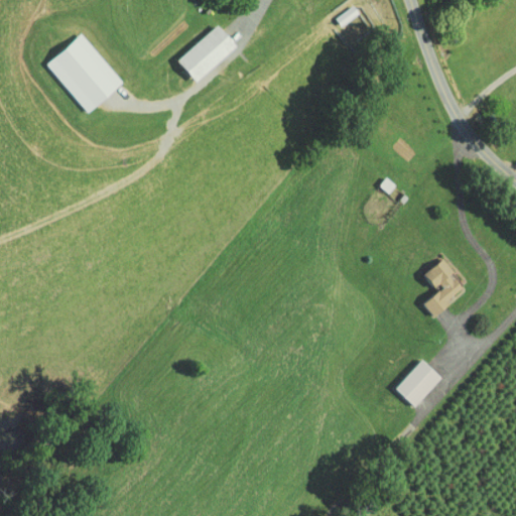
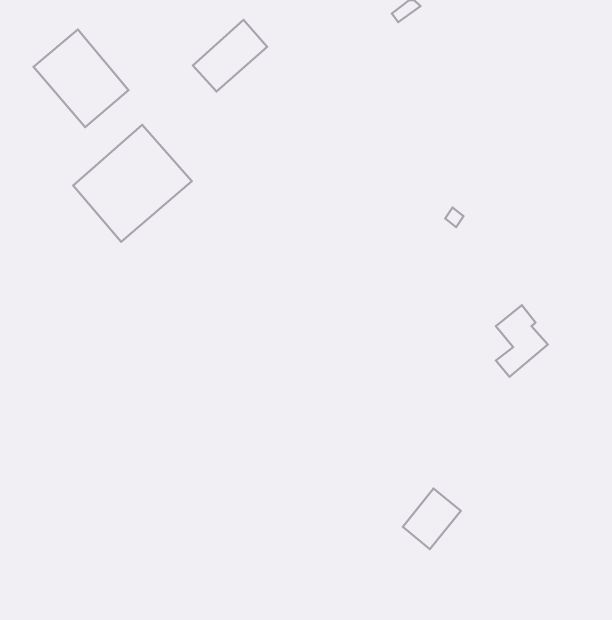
building: none -> [73,125,192,242]
building: [392,360,439,409] -> [403,489,461,549]

